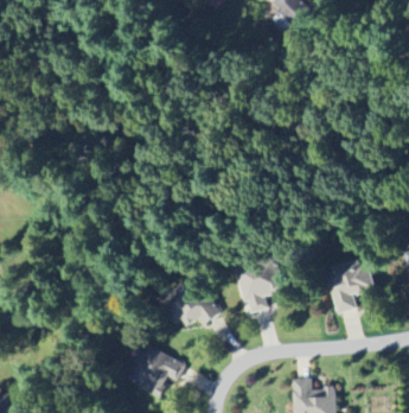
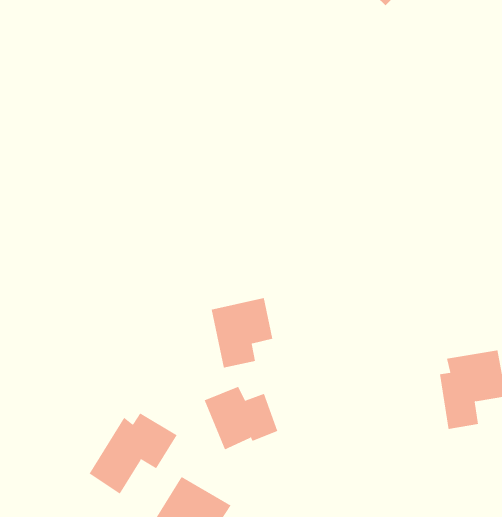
building: [238,265,281,313] -> [211,297,273,368]
building: none -> [89,412,178,494]

